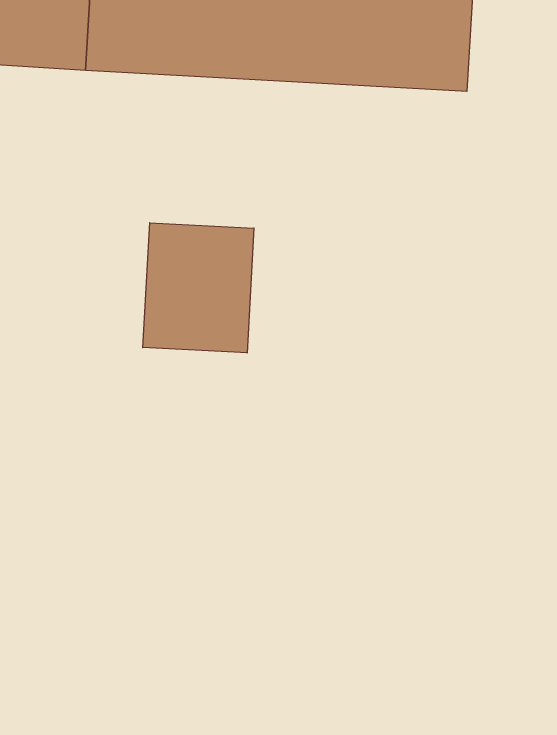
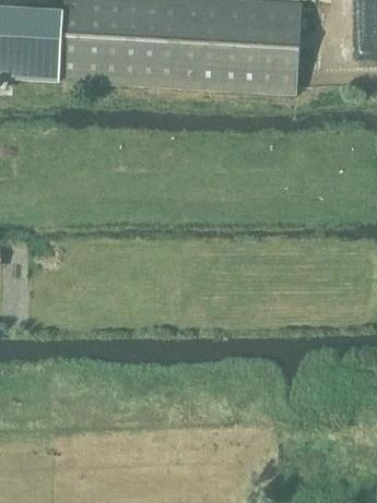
building: [143,223,254,353] -> none

